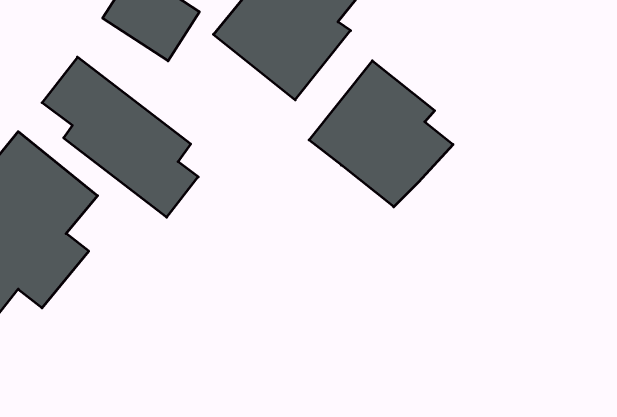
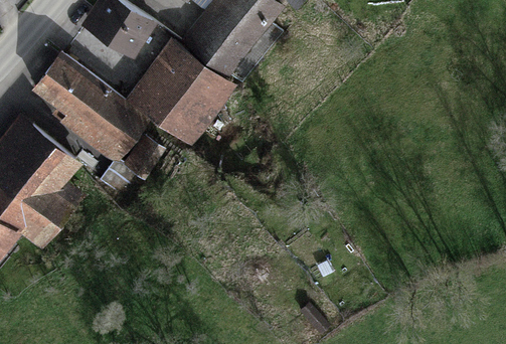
building: none -> [128,36,237,145]
building: [309,61,453,207] -> none

